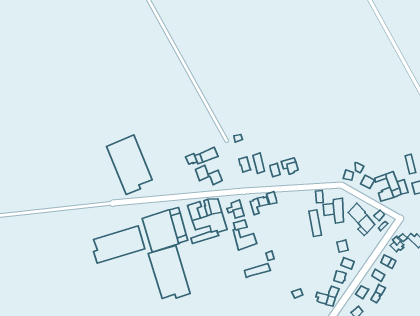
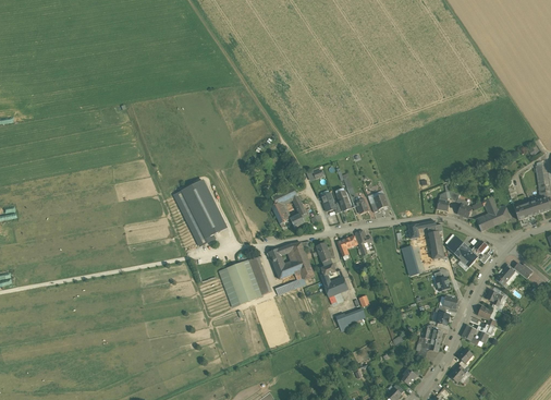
building: [93,226,145,263] -> none
building: [148,245,190,298] -> none

